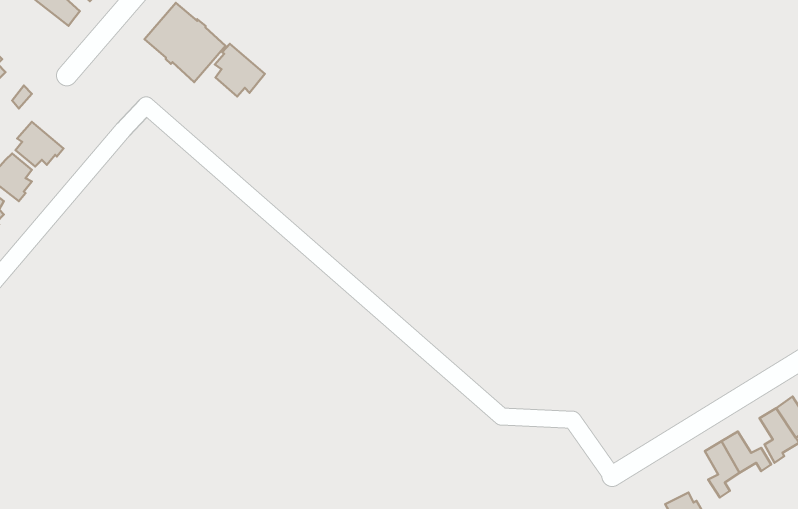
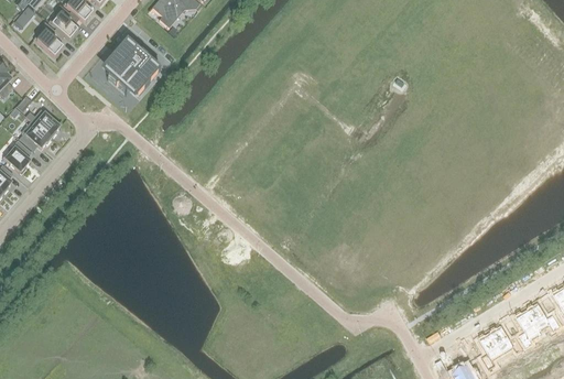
building: [215,44,265,96] -> none
building: none -> [25,109,61,138]

